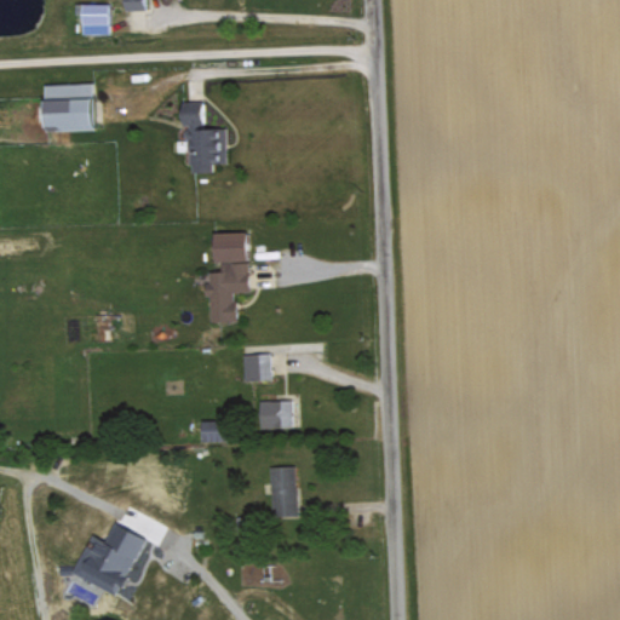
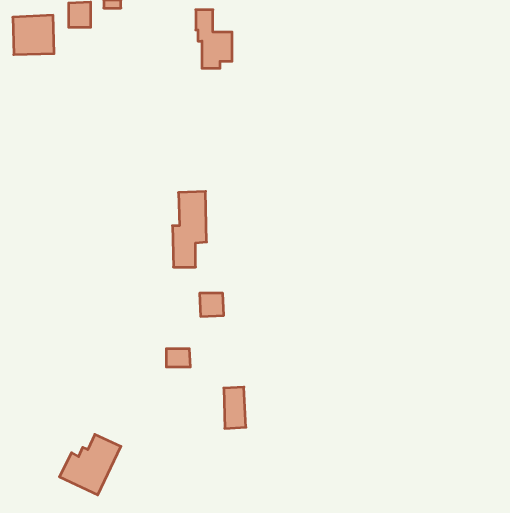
building: [44,84,93,131] -> [13,15,54,55]
building: [182,103,225,173] -> [196,10,232,68]
building: [258,401,291,430] -> none

